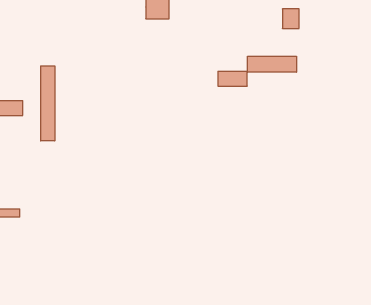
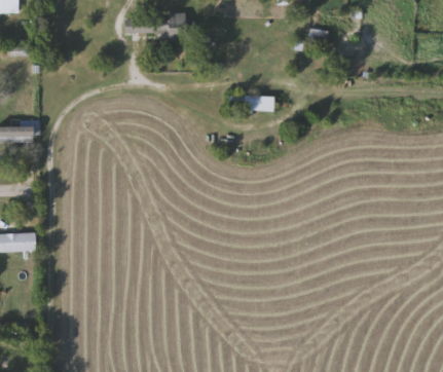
building: [248,56,296,72] -> none
building: [41,66,55,141] -> none

